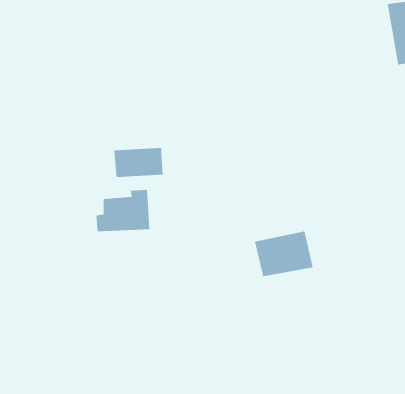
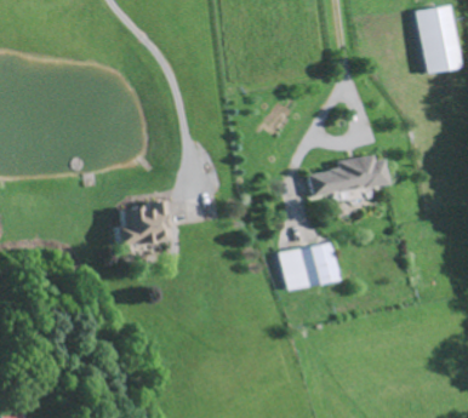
building: none -> [310,154,386,197]
building: [114,147,163,178] -> none

